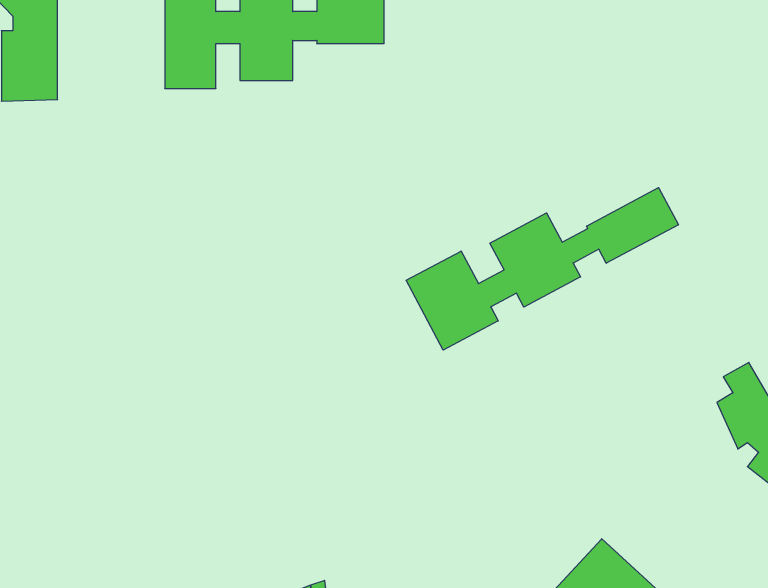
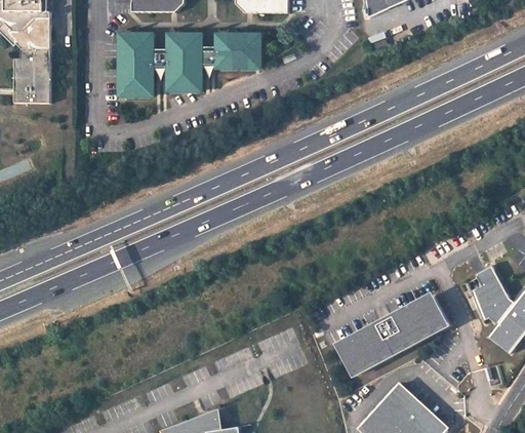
building: [406,188,678,350] -> none
building: none -> [338,296,450,376]

